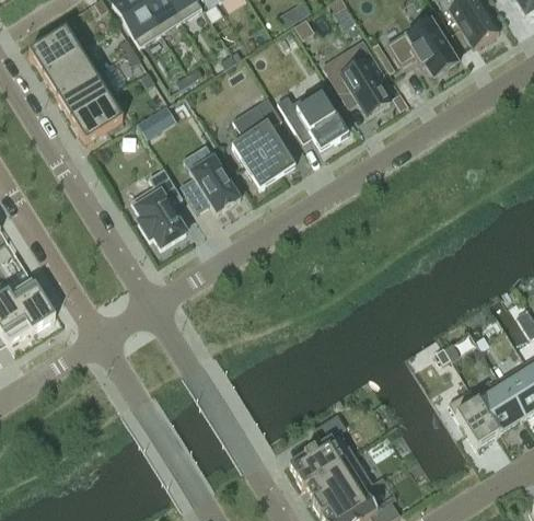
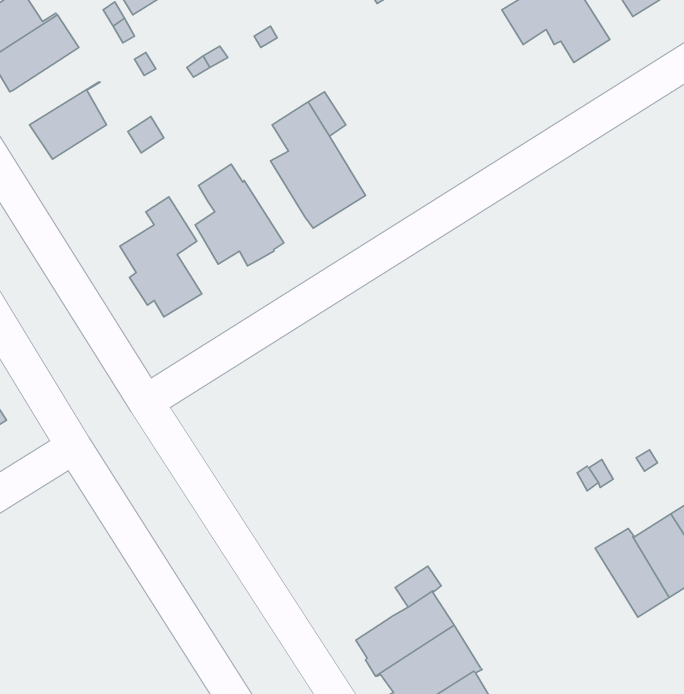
building: [323,42,391,117] -> none
building: [58,68,117,119] -> none
building: [278,85,349,150] -> none

